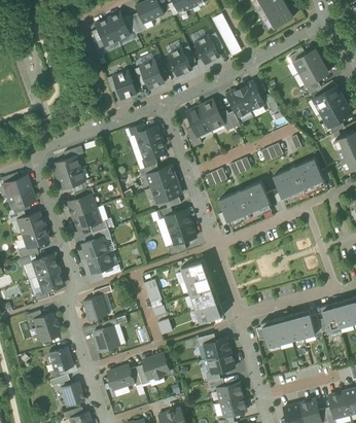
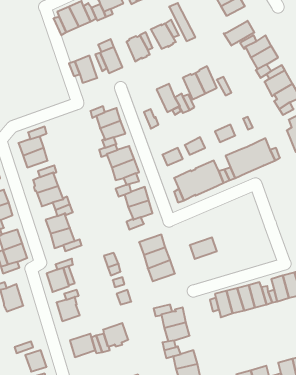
building: none -> [224,21,254,46]
building: [186,107,211,137] -> none
building: [195,302,224,324] -> [190,237,217,259]
building: [47,348,72,372] -> none

